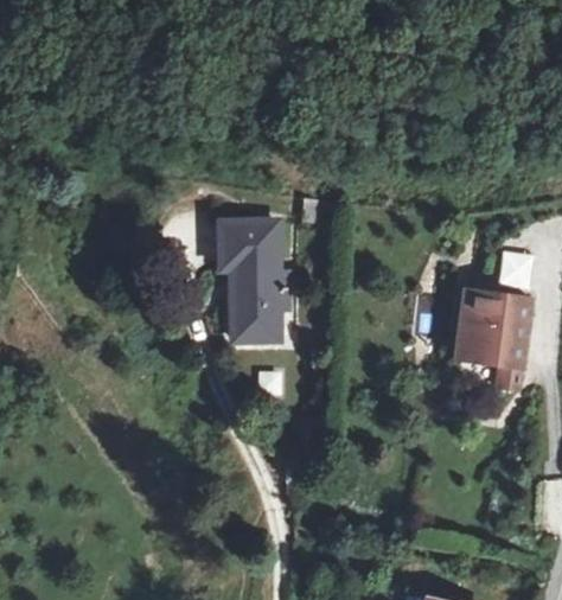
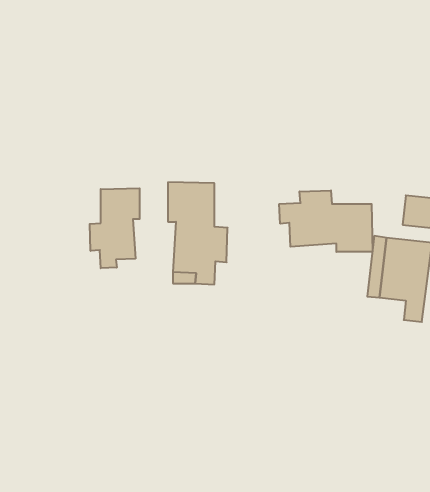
building: none -> [90,188,140,268]
building: none -> [279,190,372,252]

